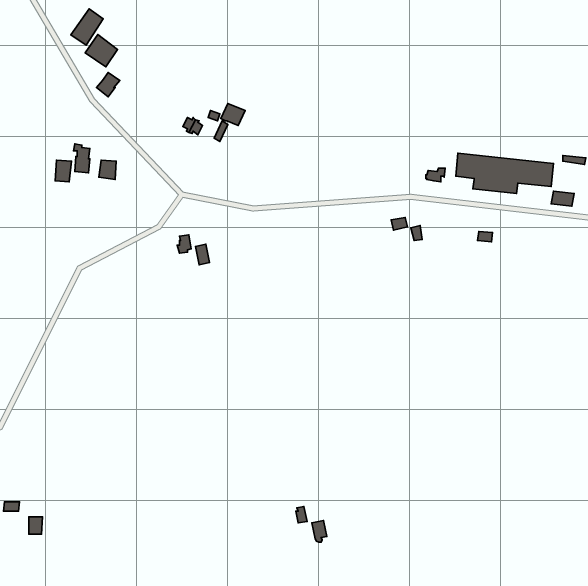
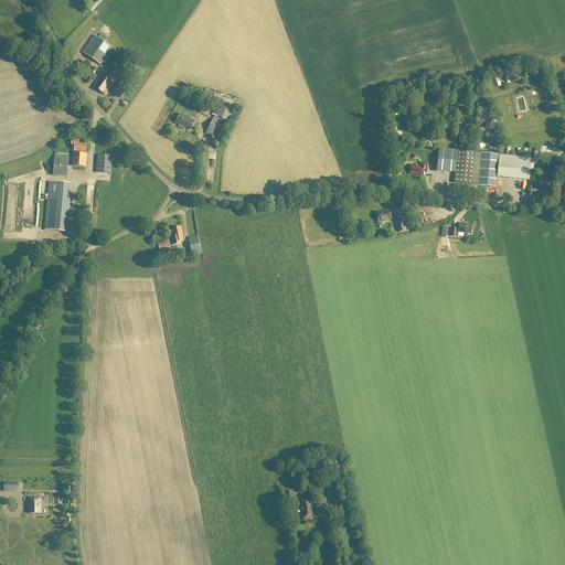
building: [71,9,103,45] -> none
building: none -> [45,180,71,231]

